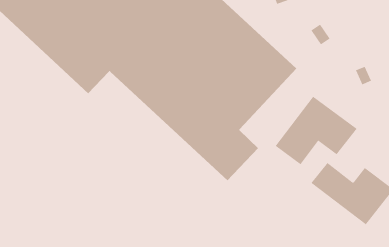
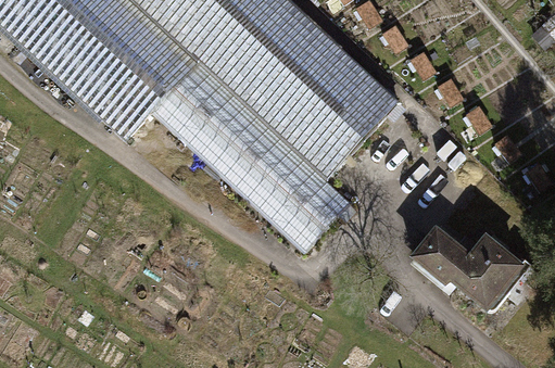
building: [275,96,357,165] -> none

